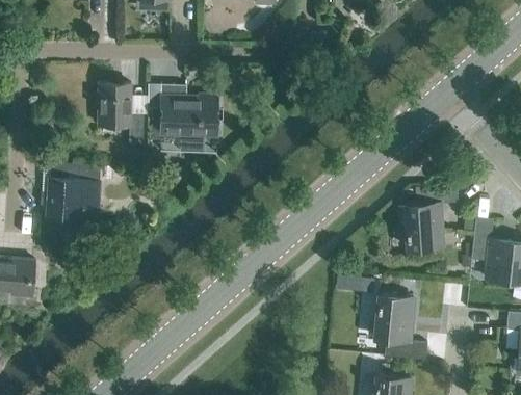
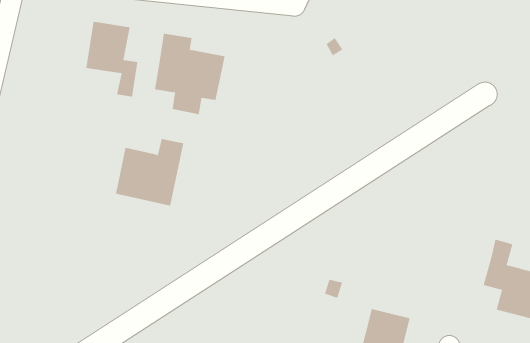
building: [47,165,100,222] -> [115,138,184,206]
building: [403,186,457,249] -> none

